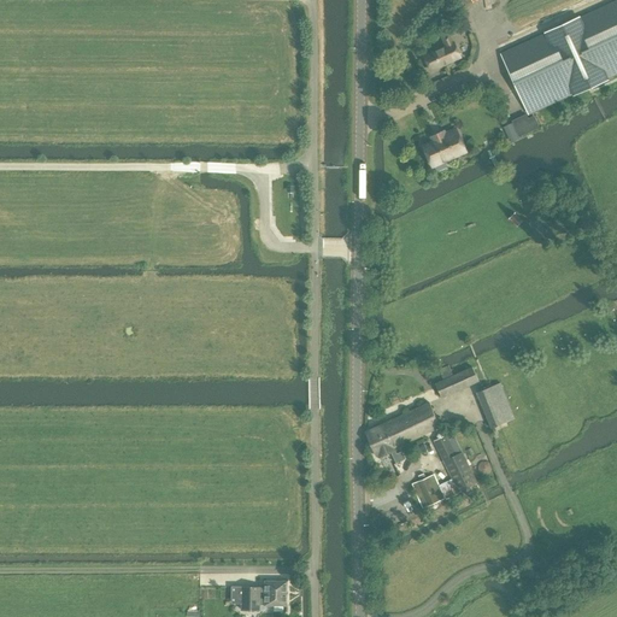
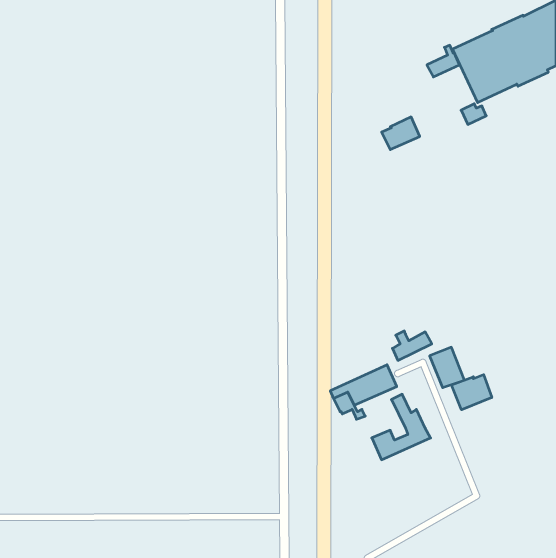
building: [423,35,459,70] -> [427,45,460,77]
building: none -> [452,375,492,410]
building: [241,581,286,611] -> none

